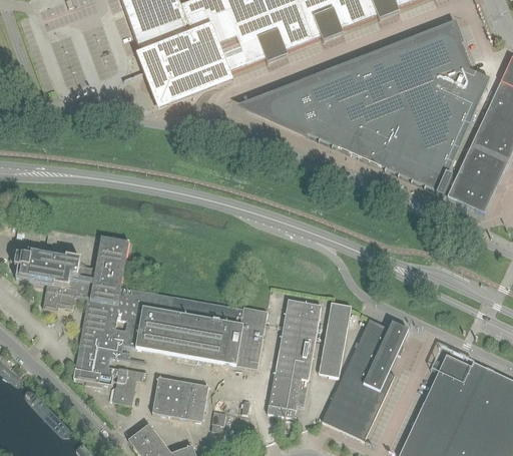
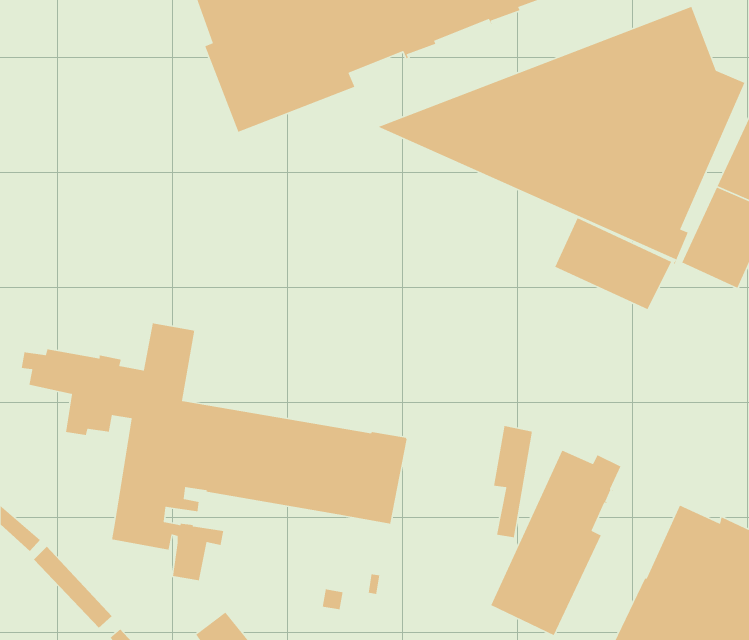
building: none -> [554,217,672,310]
building: [267,298,322,417] -> none
building: [152,377,208,421] -> none

